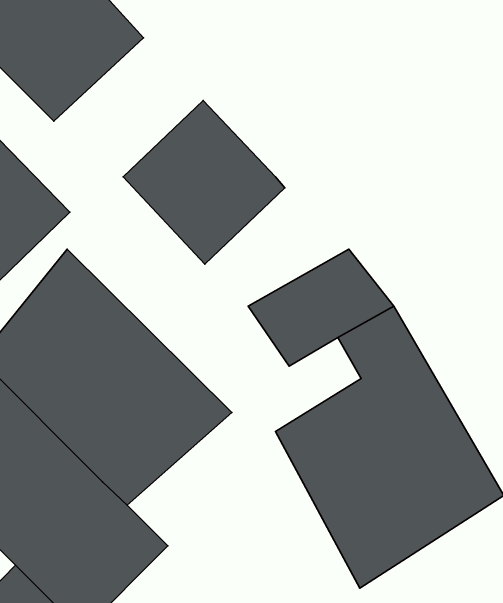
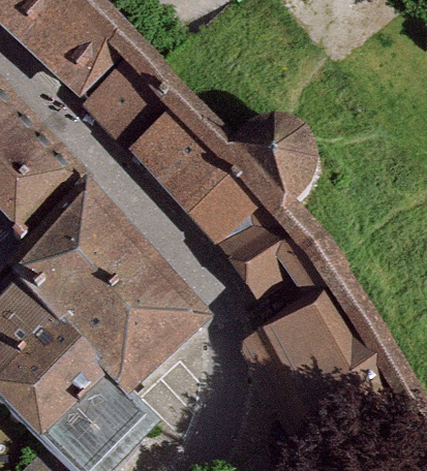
building: none -> [69,38,183,144]
building: none -> [184,125,318,242]

